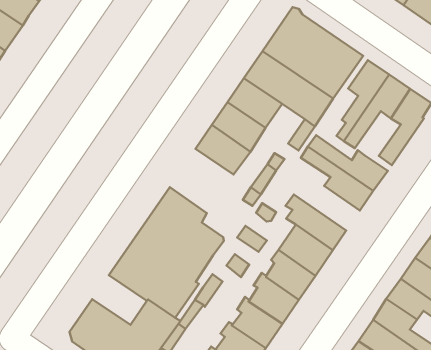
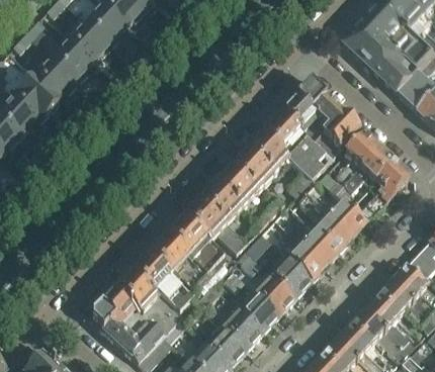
building: none -> [189,181,245,252]
building: none -> [287,219,338,265]
building: none -> [113,271,157,313]

